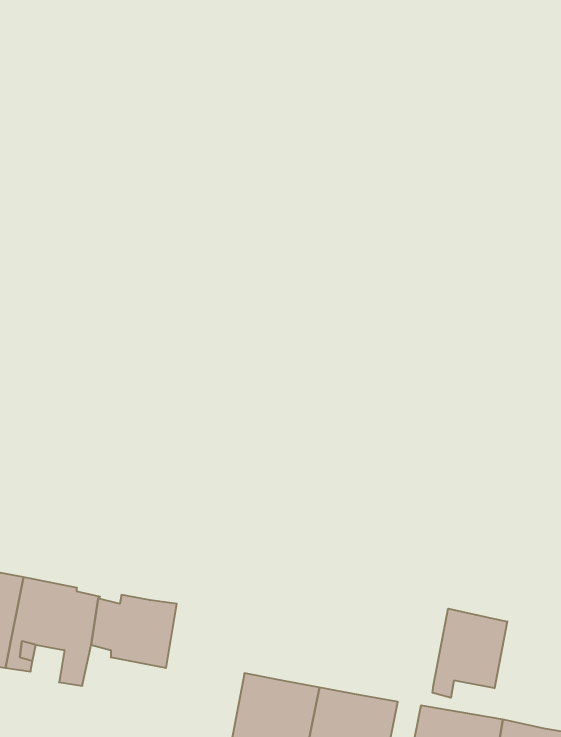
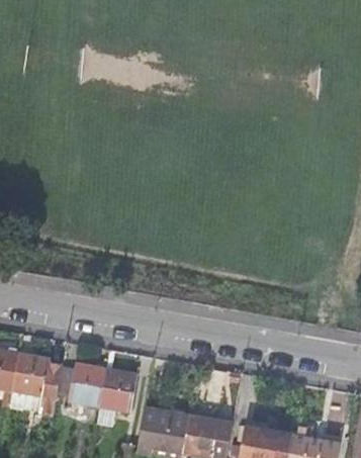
building: none -> [101,369,139,410]
building: [432,609,507,698] -> none

